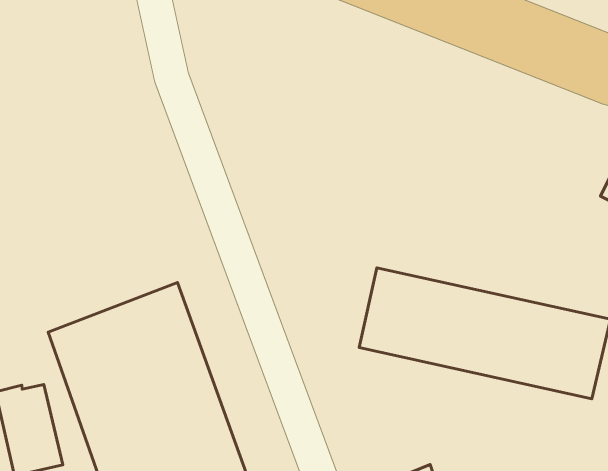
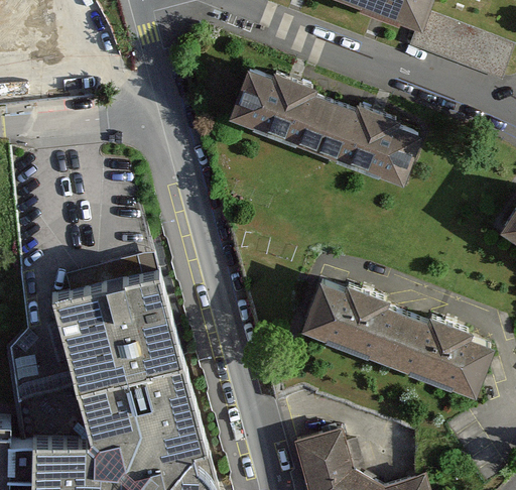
building: none -> [220,66,417,188]

